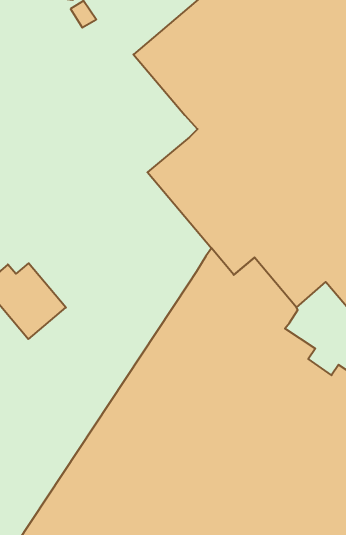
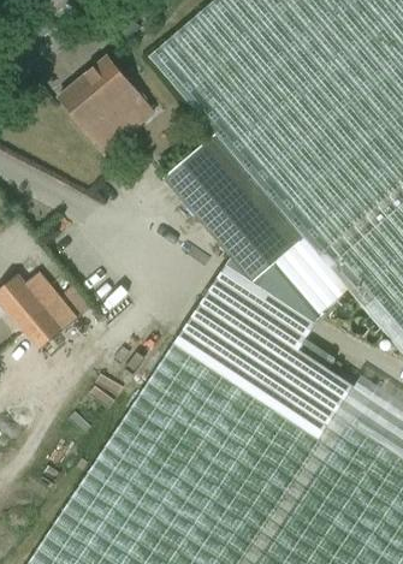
building: none -> [59,58,153,142]

